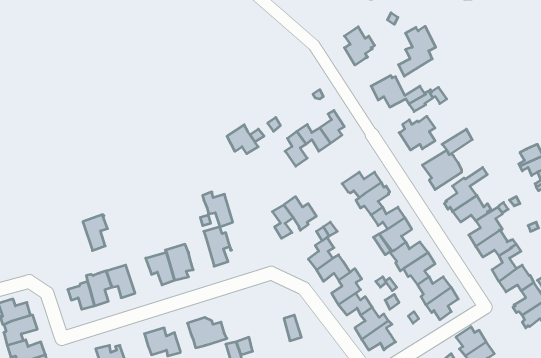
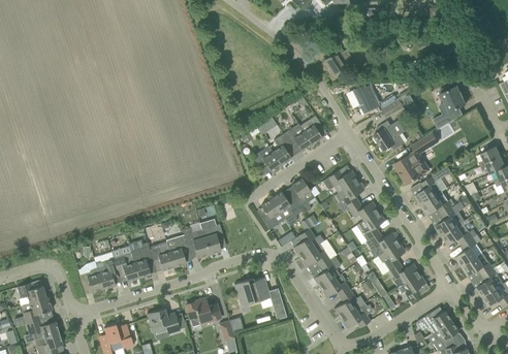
building: [398,26,436,76] -> [434,85,467,129]
building: [227,125,258,154] -> [254,146,282,171]
building: none -> [292,179,317,214]
building: [203,192,233,227] -> [183,227,210,258]
building: [83,215,108,251] -> [131,246,153,278]
building: none -> [234,278,272,307]

